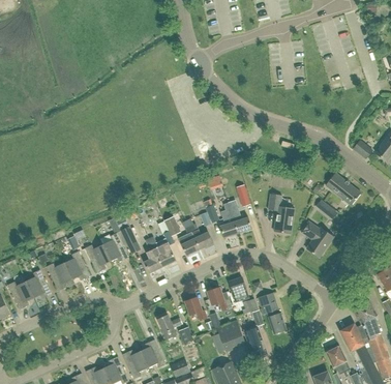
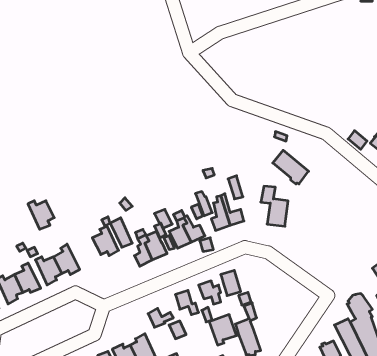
building: [326,172,361,205] -> [273,150,309,184]
building: [301,220,334,258] -> none
building: [85,244,111,272] -> [28,201,54,229]
building: [258,292,287,333] -> none

